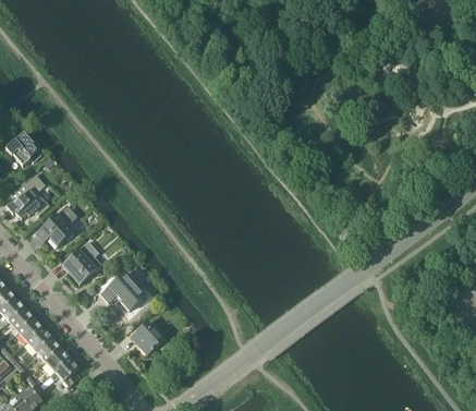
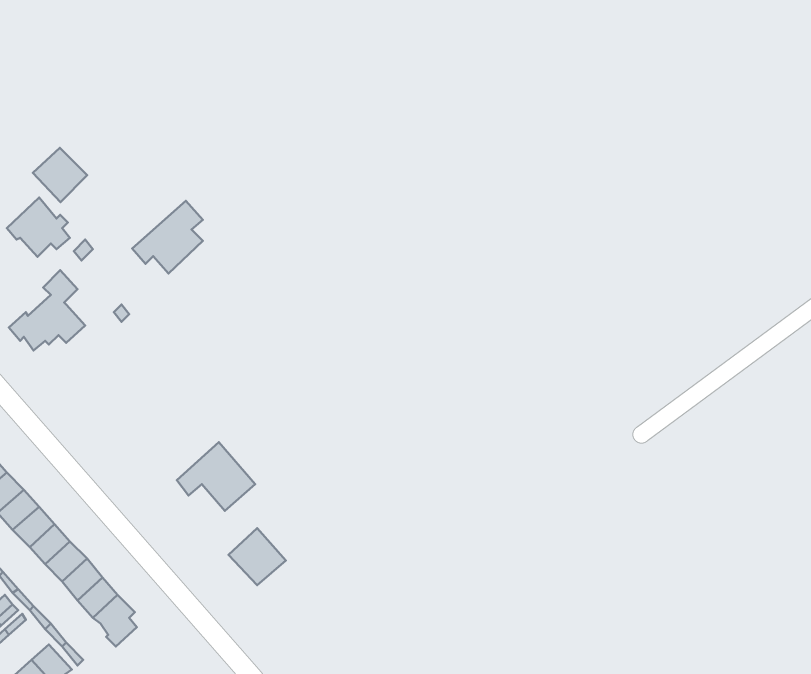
building: none -> [33,148,87,202]
building: [37,204,77,245] -> [132,201,203,273]
building: [62,240,102,283] -> none

